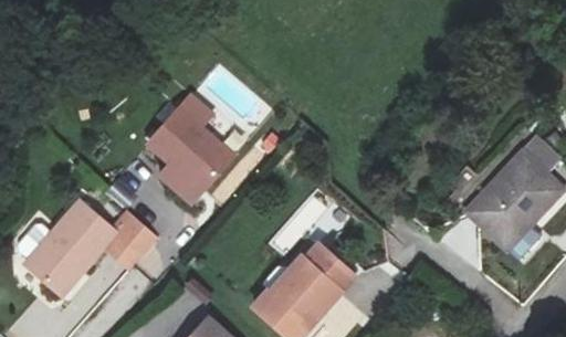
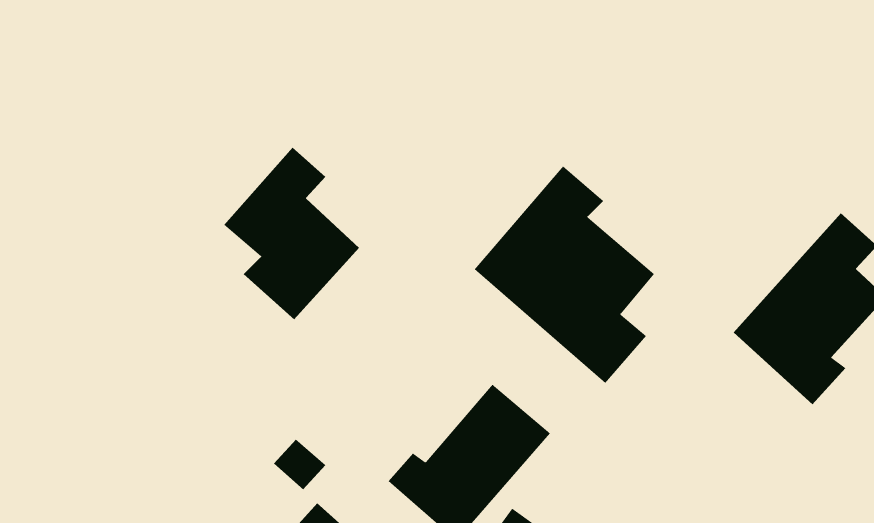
building: none -> [474,166,655,384]
building: [25,200,153,292] -> none

